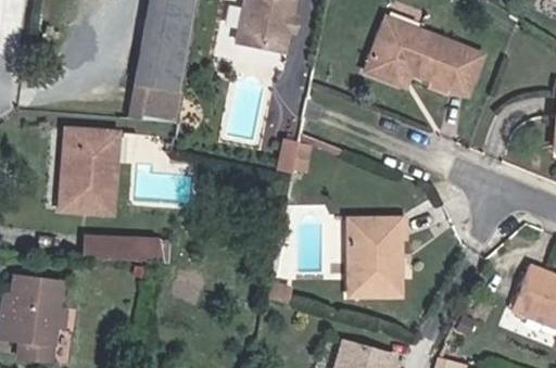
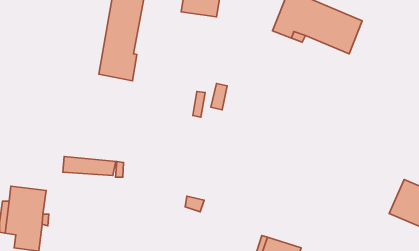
building: [51,129,112,213] -> none
building: [352,213,409,296] -> none

